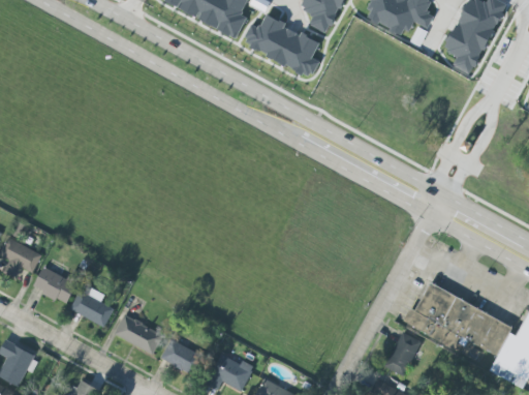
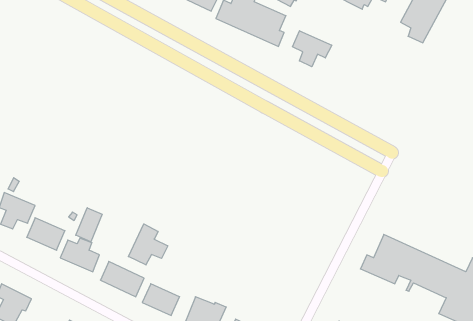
building: none -> [292,31,332,67]
building: none -> [76,208,102,242]
building: none -> [128,224,168,265]
building: [385,333,418,376] -> none

